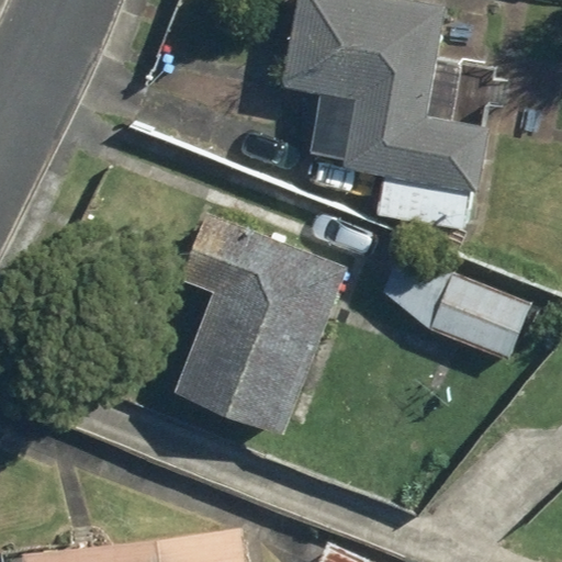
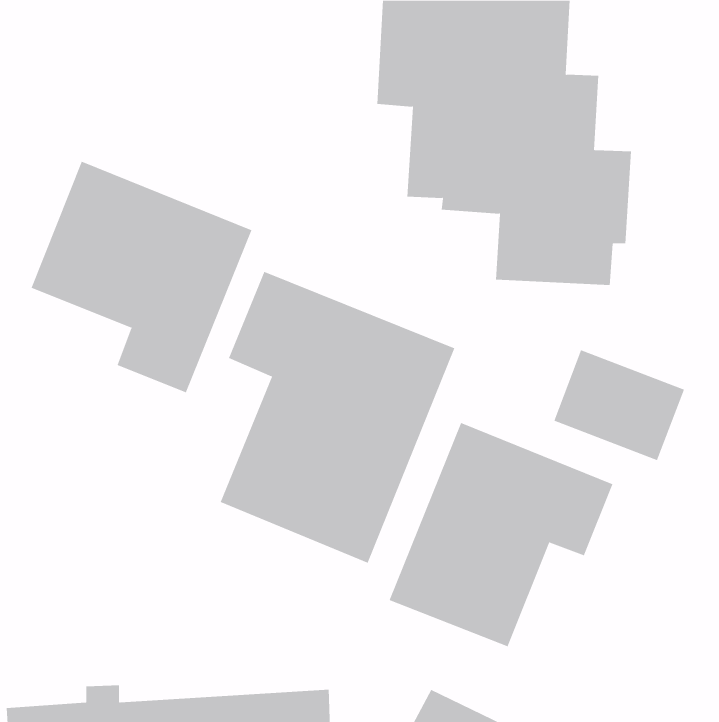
building: none -> [31,161,252,393]
building: none -> [389,422,613,647]

